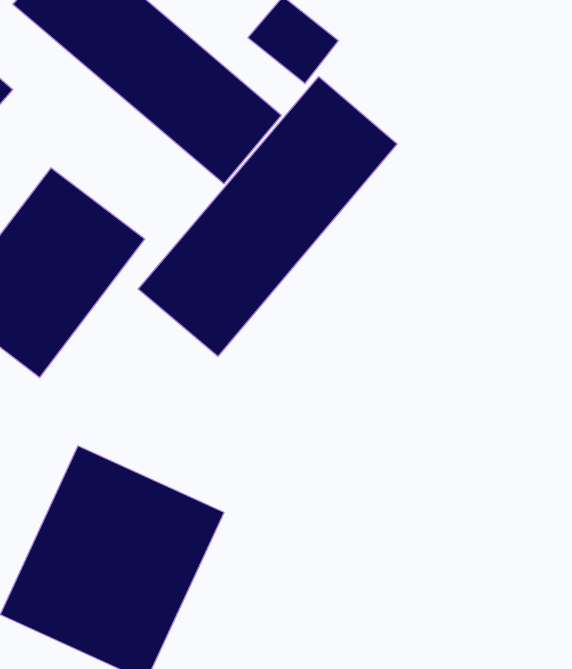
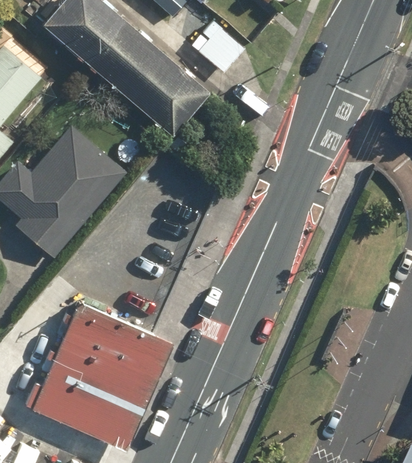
building: [138,77,397,356] -> none

